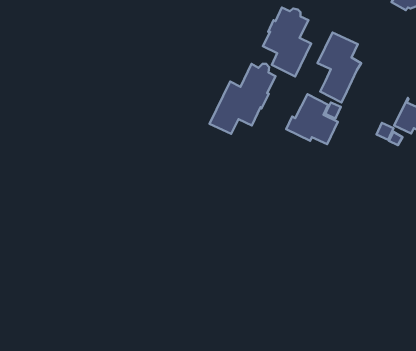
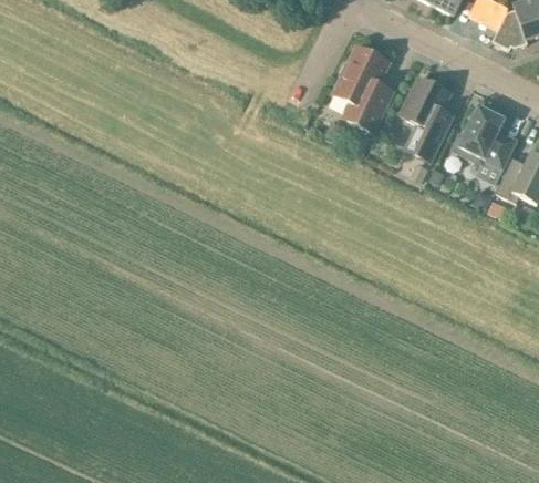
building: [210,64,276,134] -> none
building: [286,94,338,144] -> [452,104,516,166]

